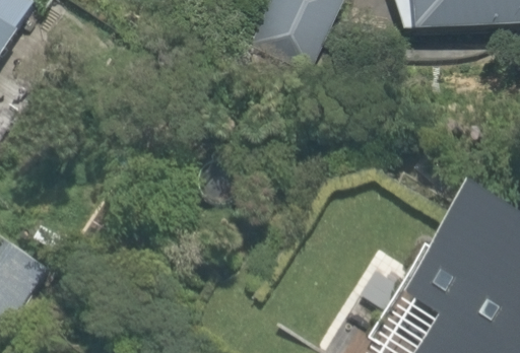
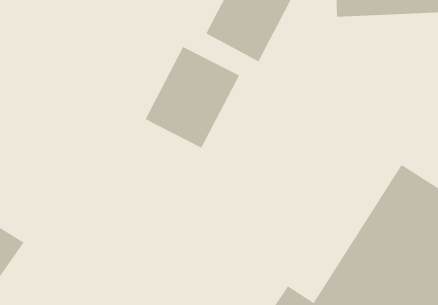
building: none -> [145,46,240,149]

